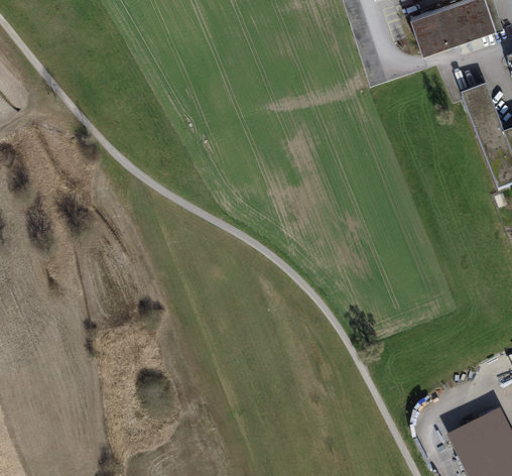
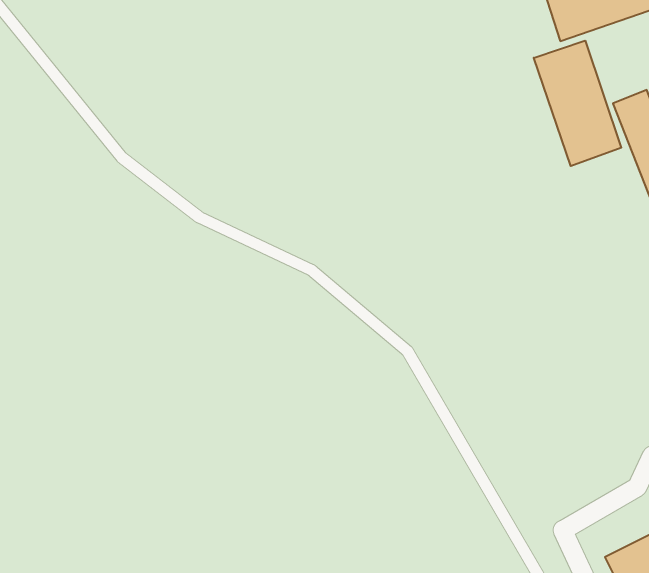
building: none -> [534,41,621,166]

